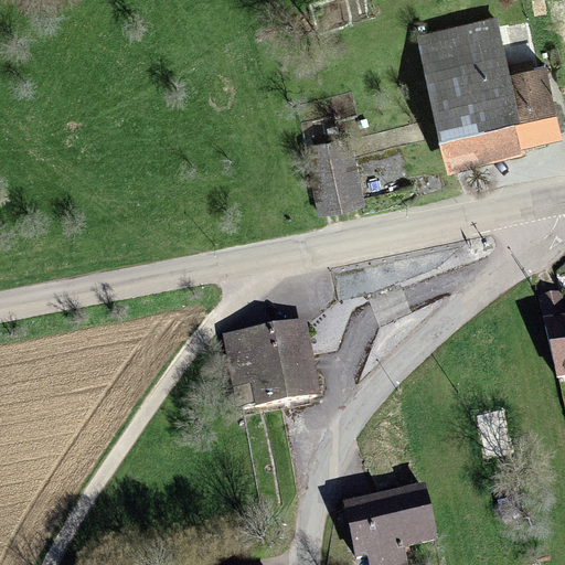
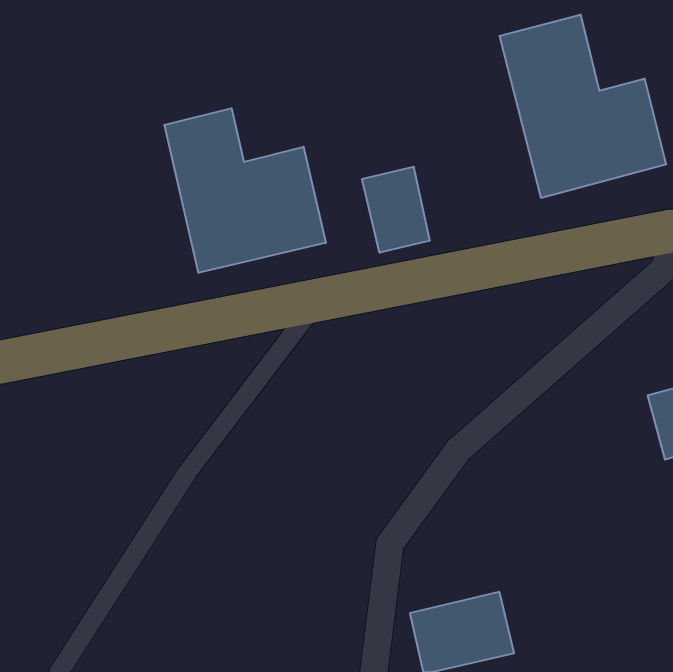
building: none -> [164,108,326,273]
building: [235,327,316,405] -> none

